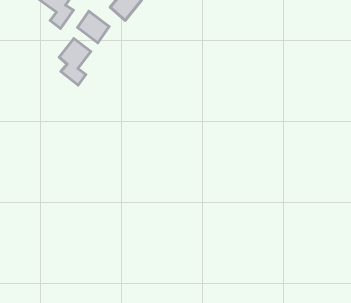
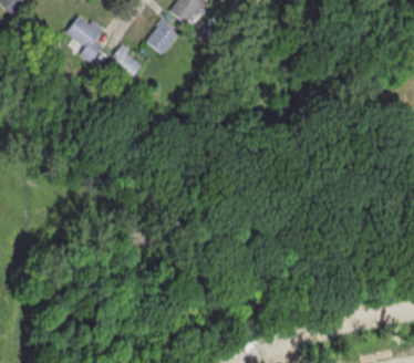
building: [59,39,91,85] -> none

